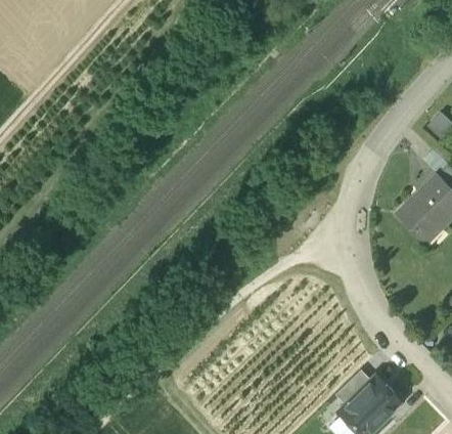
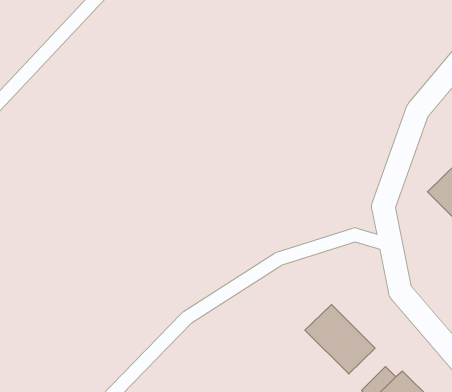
building: none -> [305,305,375,374]

